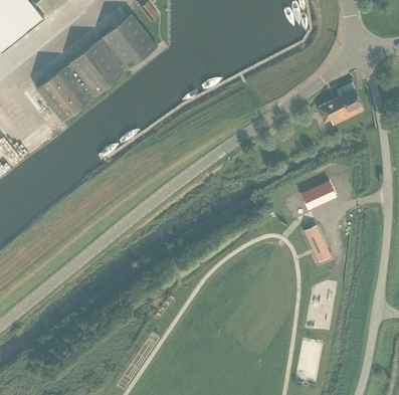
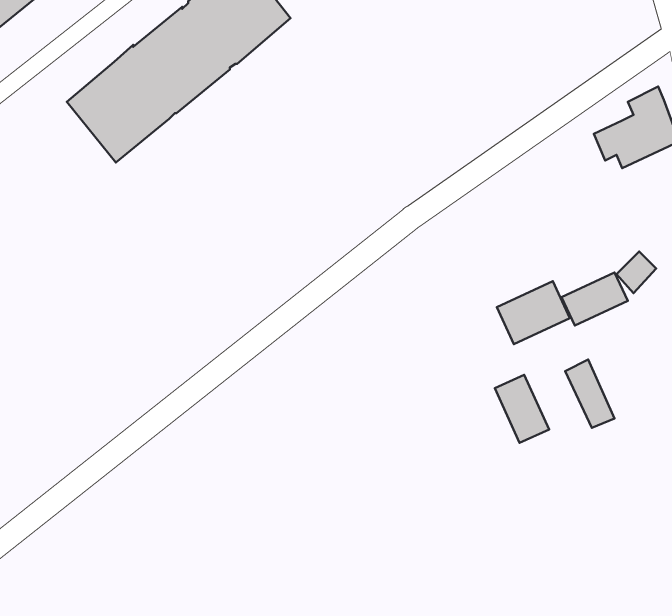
building: none -> [497,281,570,344]
building: none -> [495,375,549,443]

